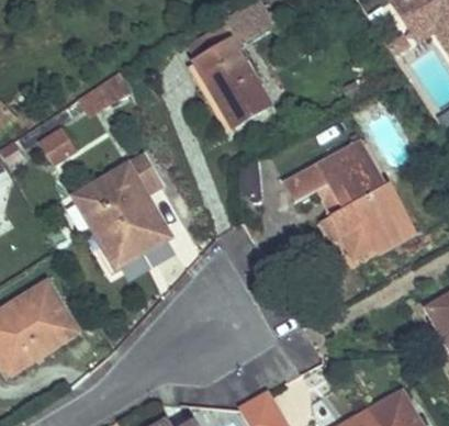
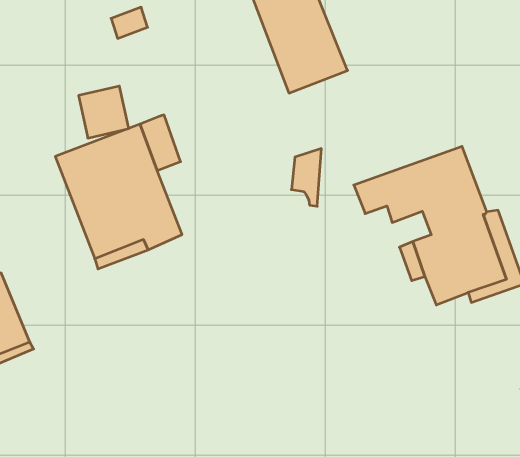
building: [36,126,75,166] -> [79,86,129,138]

